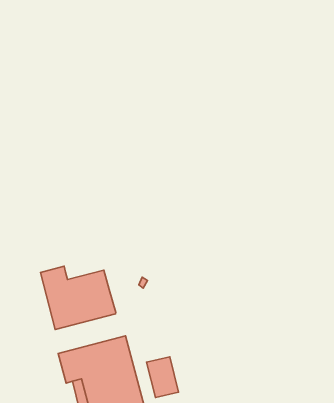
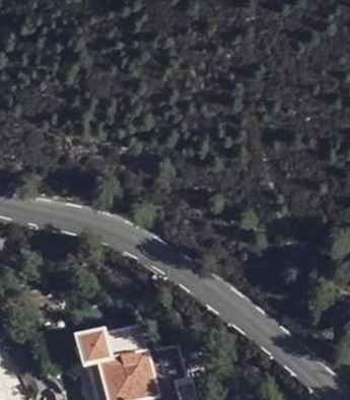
building: [40,266,116,329] -> none

